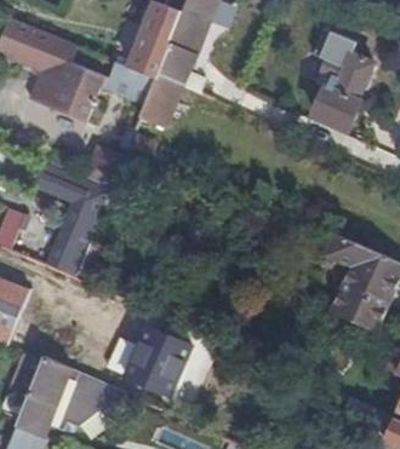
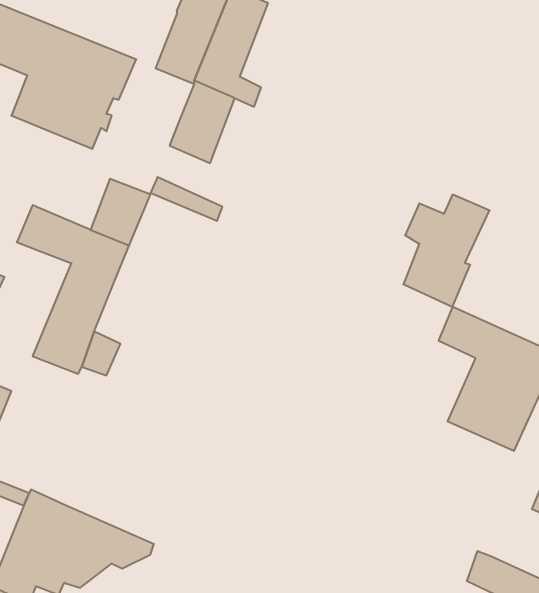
building: [313,52,372,129] -> [403,195,490,307]
building: [103,61,155,104] -> none
building: [125,327,192,393] -> none

